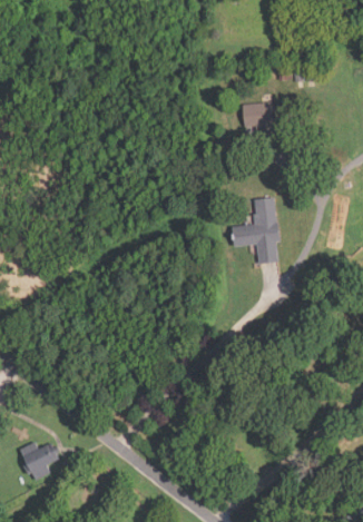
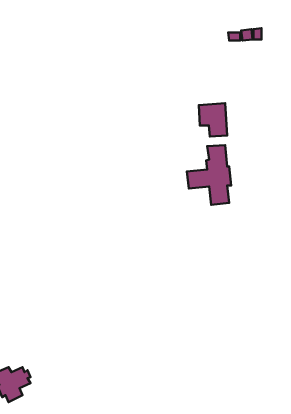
building: [243,102,274,139] -> [199,103,227,137]

